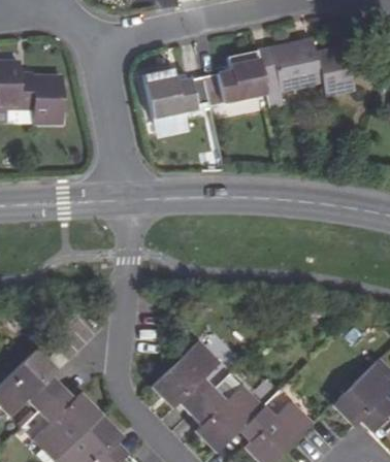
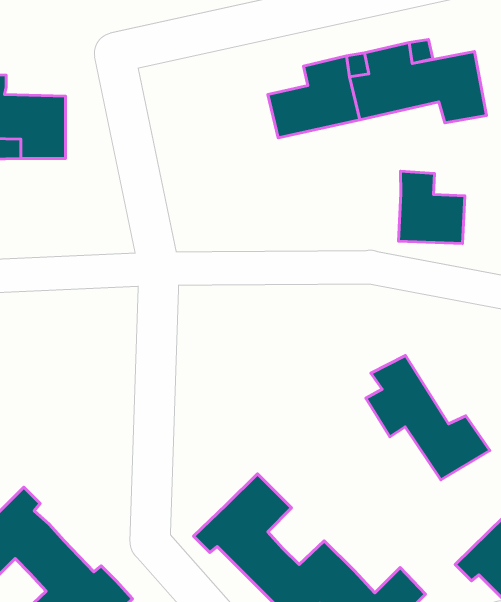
building: [145,69,212,120] -> none
building: none -> [398,171,465,243]
building: none -> [366,355,490,480]

